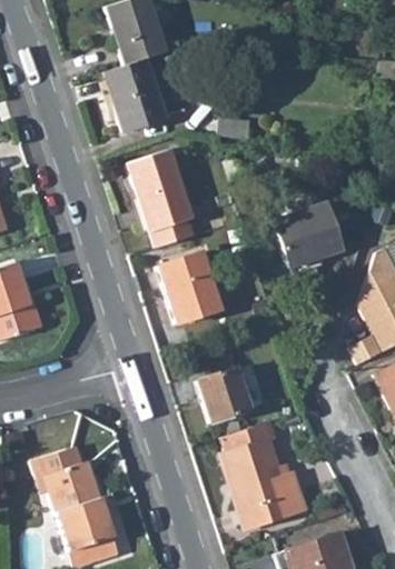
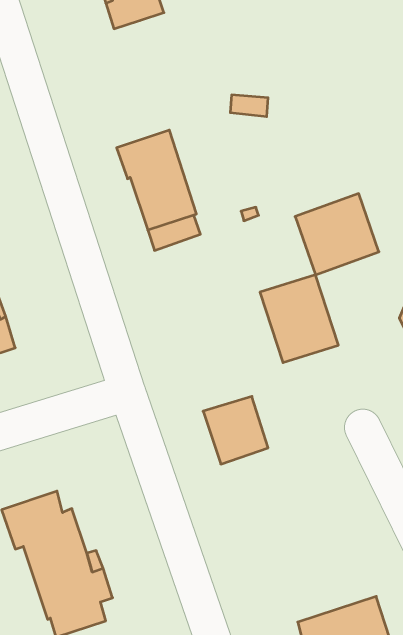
building: [106,59,165,133] -> none
building: [157,251,221,323] -> [260,275,338,363]
building: [221,421,306,528] -> none

